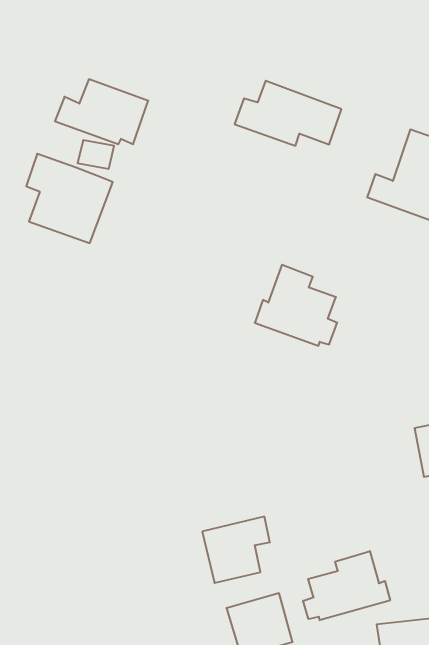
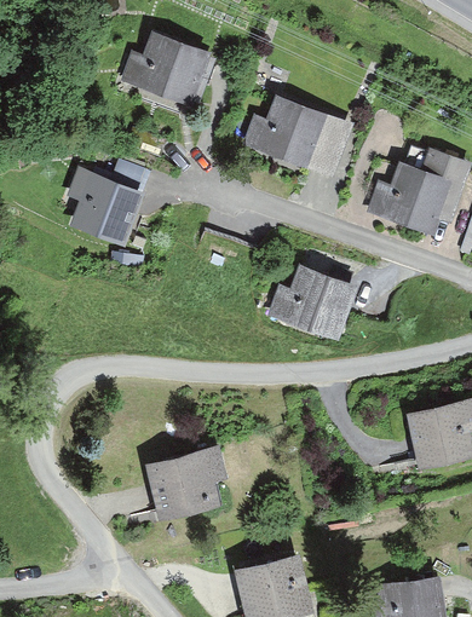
building: [55,79,148,144] -> [126,42,209,100]
building: [202,517,270,583] -> [155,450,215,509]
building: [303,551,390,620] -> none

